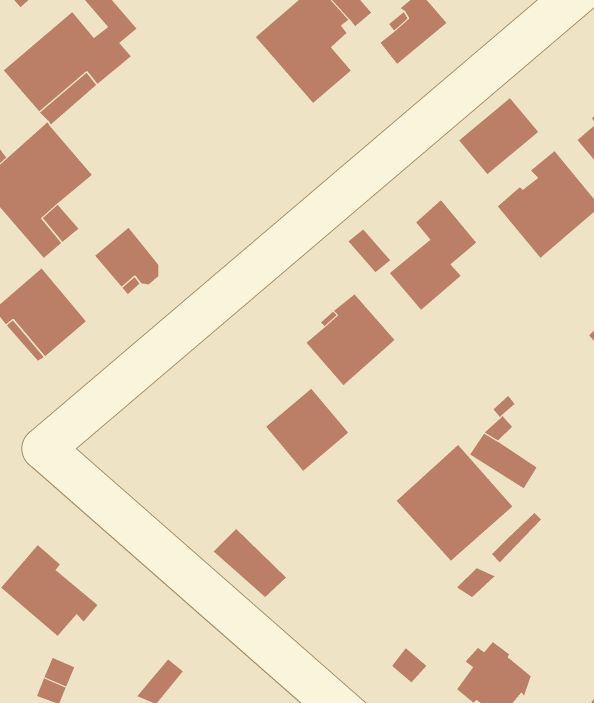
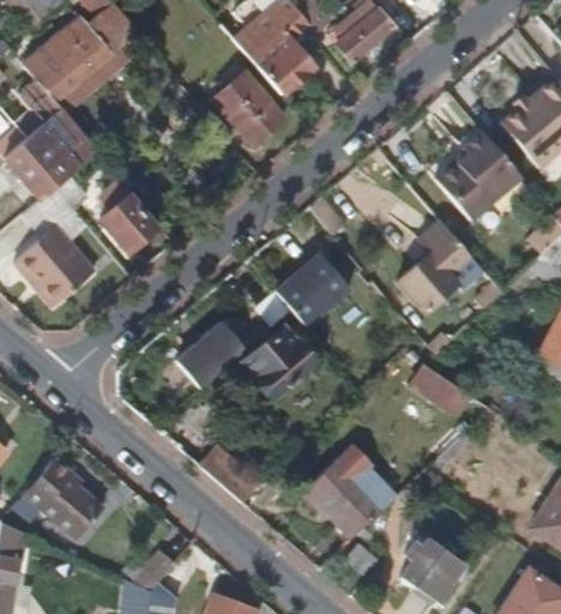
building: none -> [215,72,285,145]
building: [458,97,539,175] -> none
building: [389,199,477,311] -> [398,221,471,313]
building: none -> [176,319,255,389]
building: [396,444,513,562] -> [302,440,399,537]

